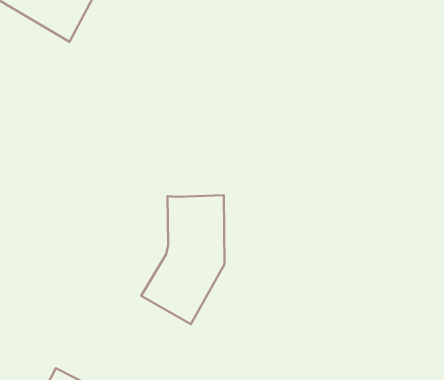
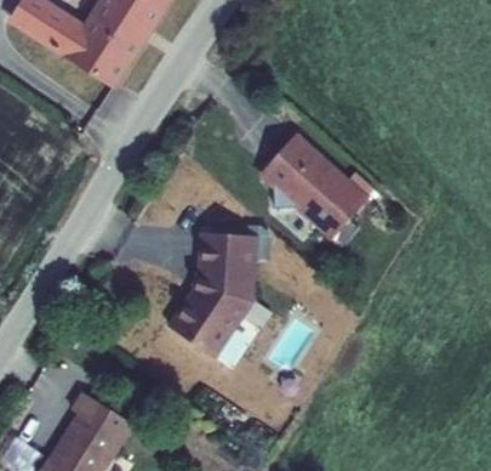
building: none -> [266,134,369,239]

